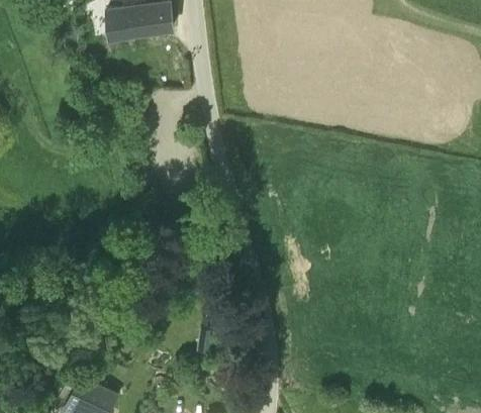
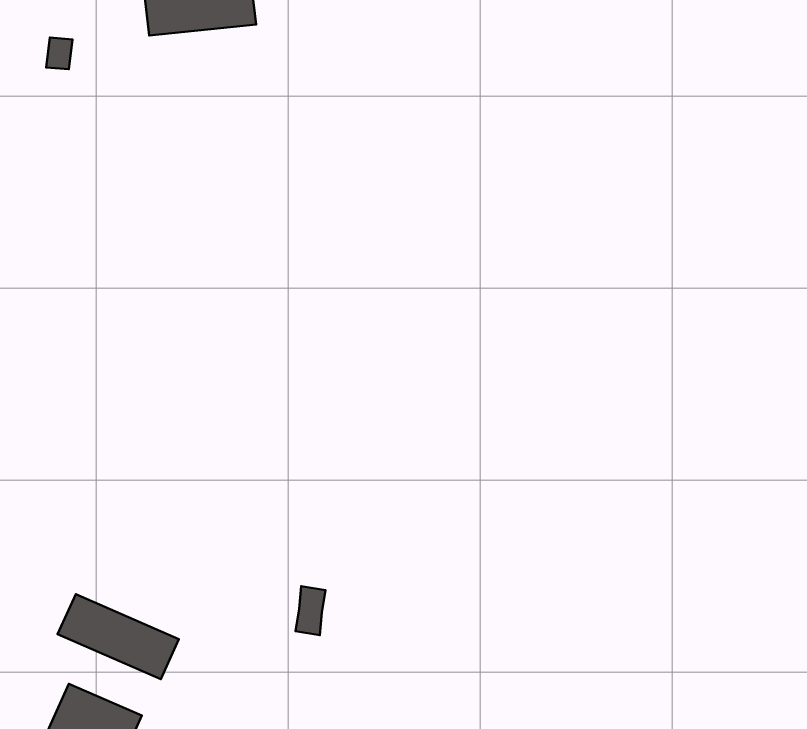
building: none -> [57,594,179,679]

